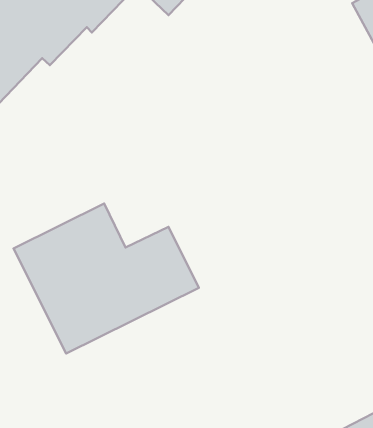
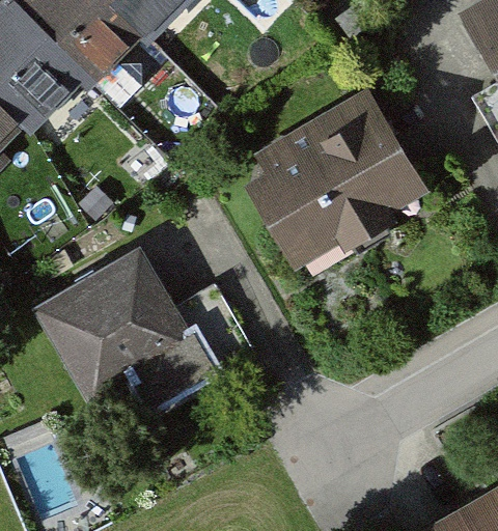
building: none -> [233,94,413,263]

